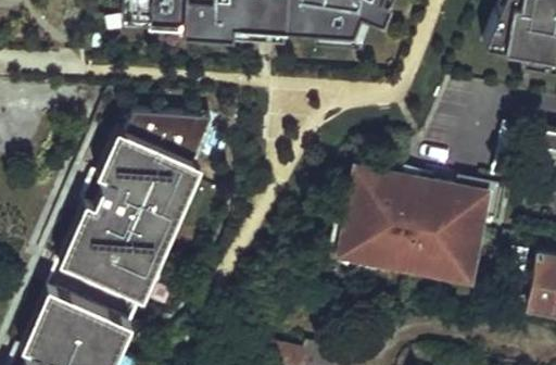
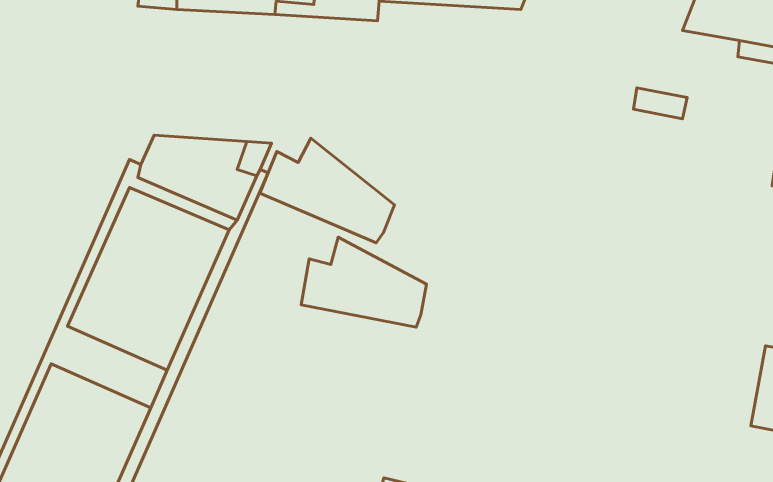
building: none -> [260,138,395,243]
building: [332,168,506,282] -> none
building: none -> [301,237,426,327]

